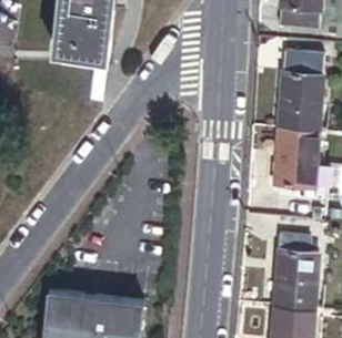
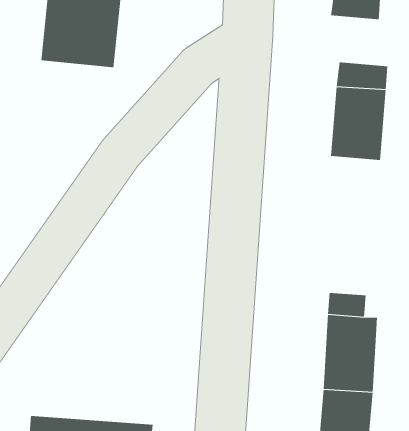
building: [273,125,316,184] -> none
building: [48,295,144,330] -> none

